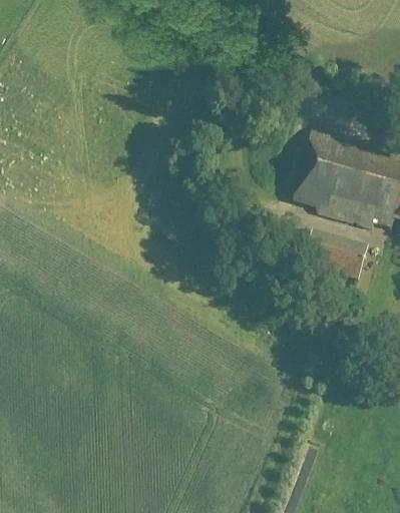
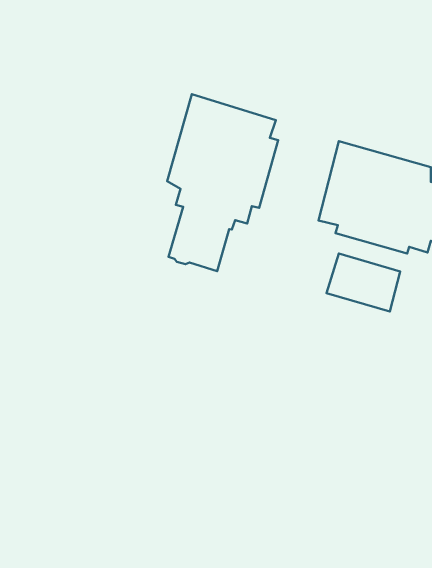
building: none -> [167,94,278,271]

